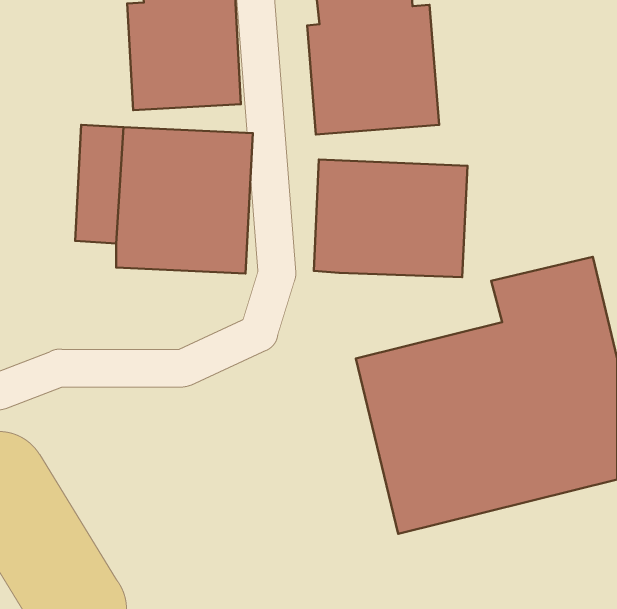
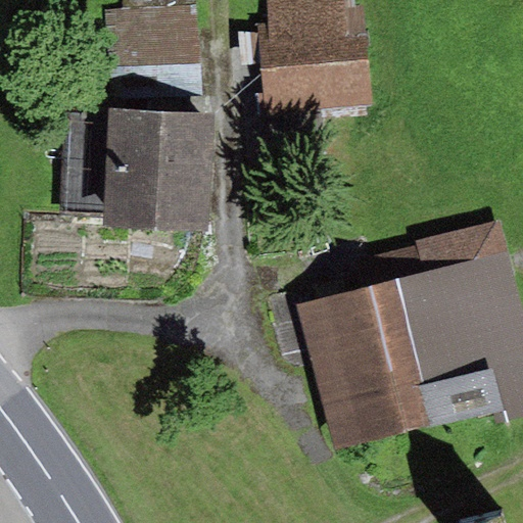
building: [314,160,467,277] -> none

